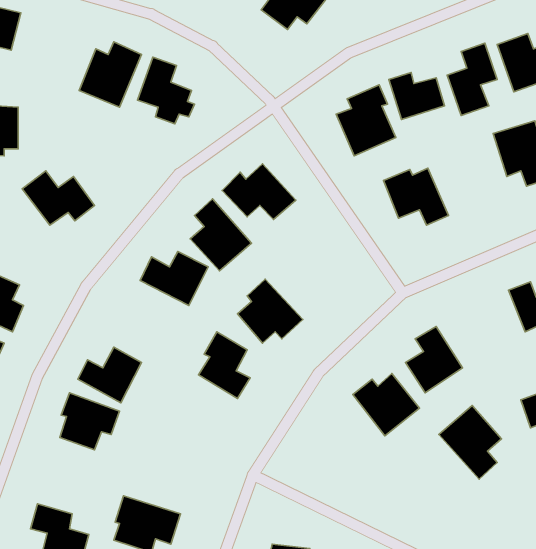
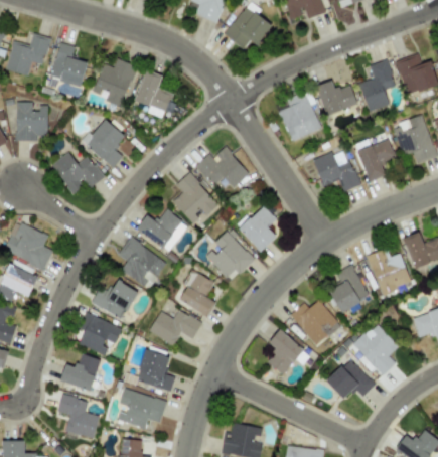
building: none -> [50,42,88,86]
building: none -> [81,119,126,167]
building: none -> [355,139,397,181]
building: none -> [240,205,277,252]
building: none -> [118,237,167,290]
building: none -> [368,249,412,296]
building: none -> [149,310,202,345]
building: none -> [267,329,304,374]
building: none -> [136,349,175,392]
building: none -> [60,353,101,391]
building: none -> [326,358,375,400]

